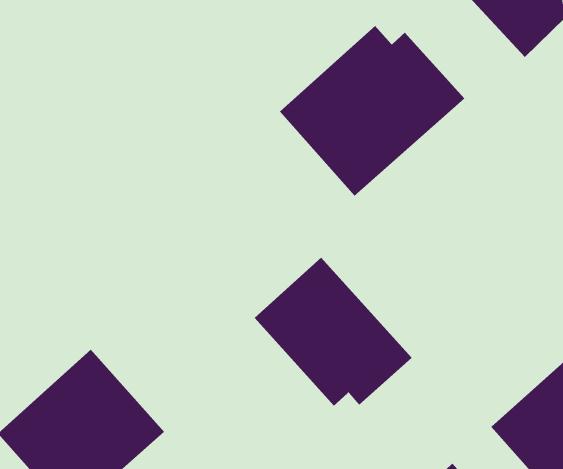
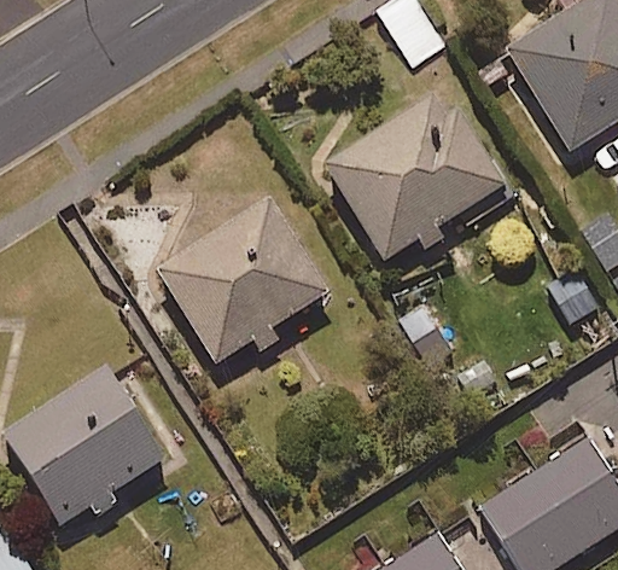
building: none -> [157,199,328,362]
building: [254,257,413,406] -> none

